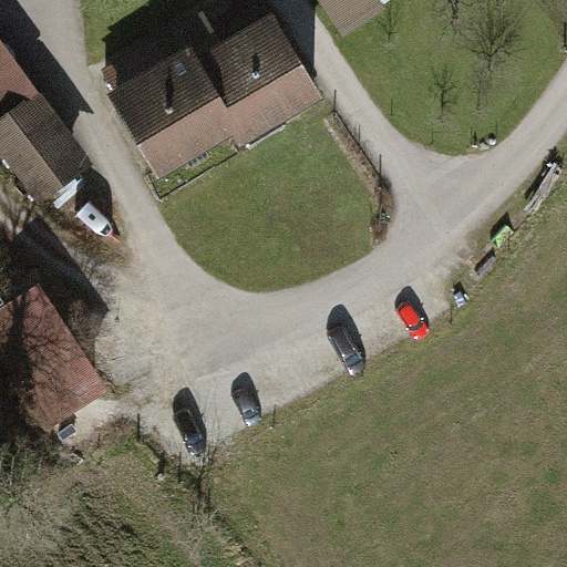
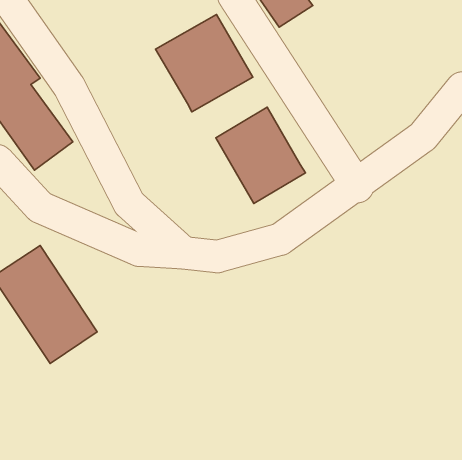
building: [106,48,228,171] -> none
building: none -> [216,107,305,203]

